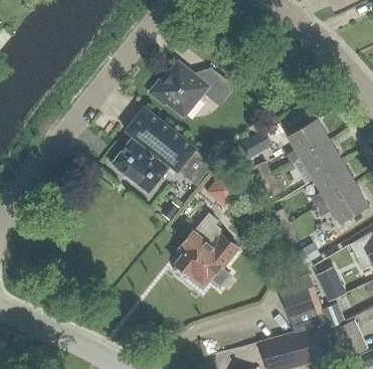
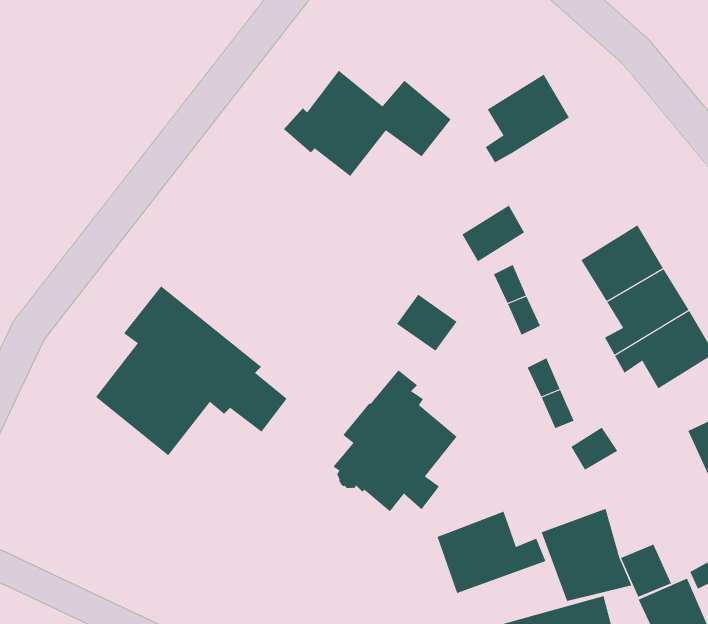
building: [111,107,208,193] -> [95,286,288,456]
building: [286,118,329,163] -> [485,74,570,163]
building: [315,265,345,301] -> none
building: none -> [437,511,546,594]

